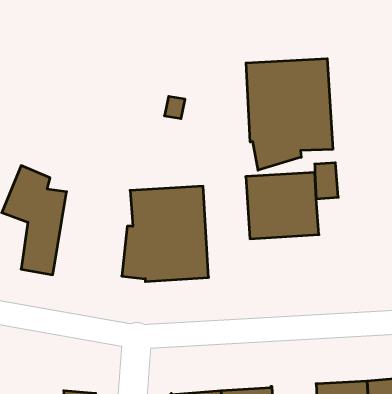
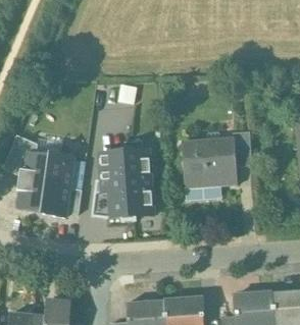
building: [246,59,333,170] -> none
building: none -> [40,153,82,218]

